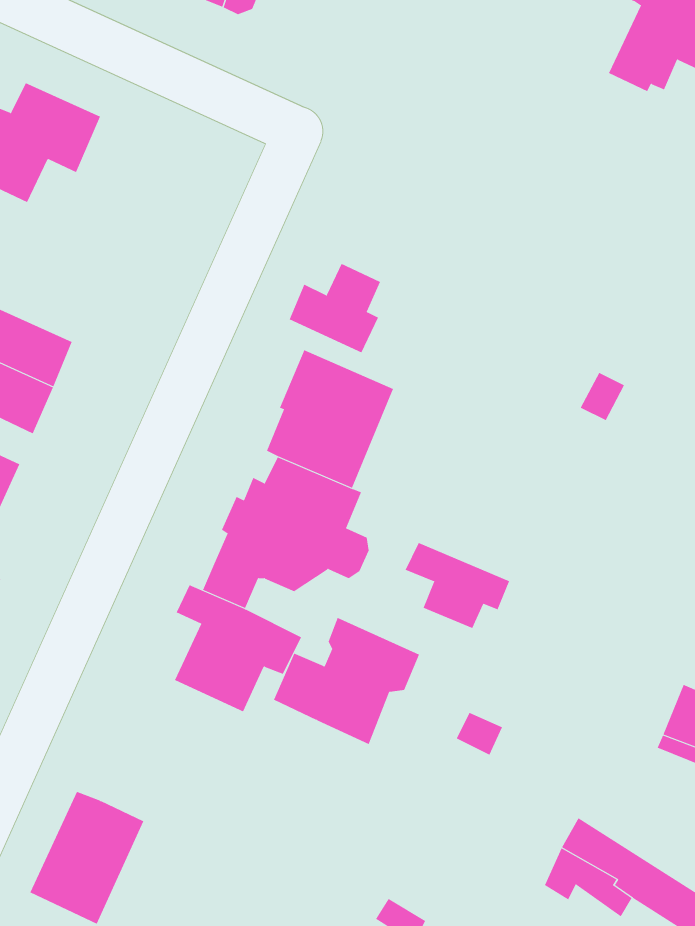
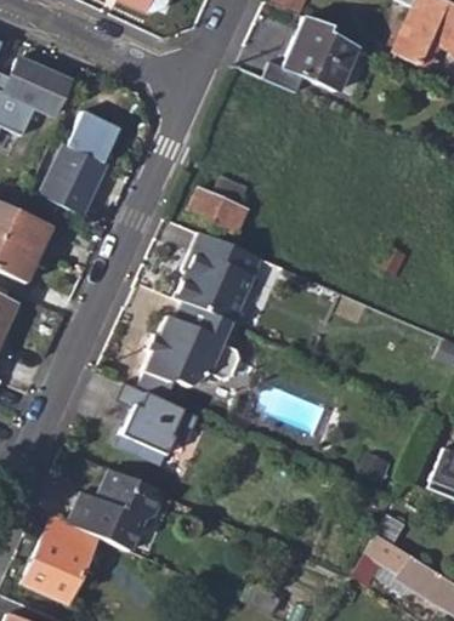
building: none -> [265,16,375,95]
building: none -> [45,110,118,211]
building: [405,542,510,629] -> none
building: [273,617,420,745] -> [68,468,163,551]

